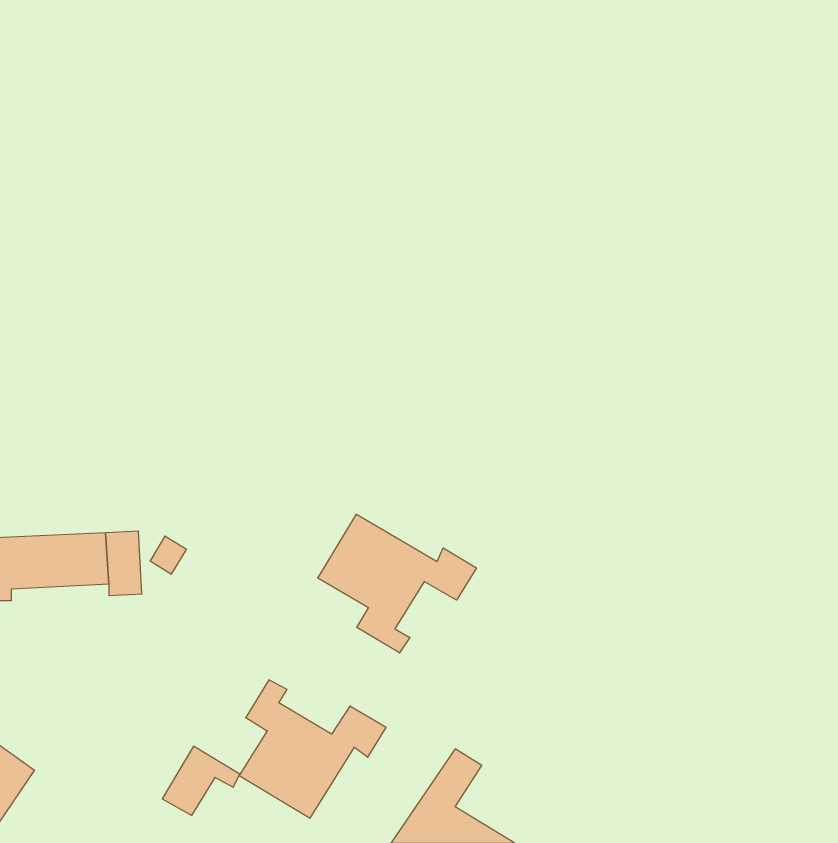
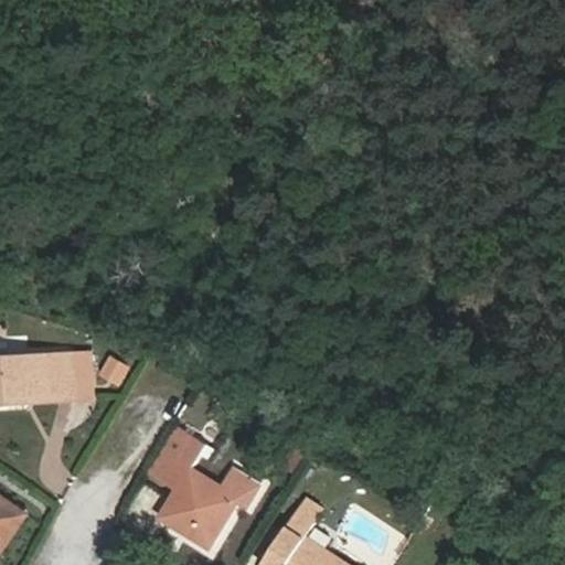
building: [318,514,476,653] -> none
building: [162,746,240,815] -> [145,434,196,480]

